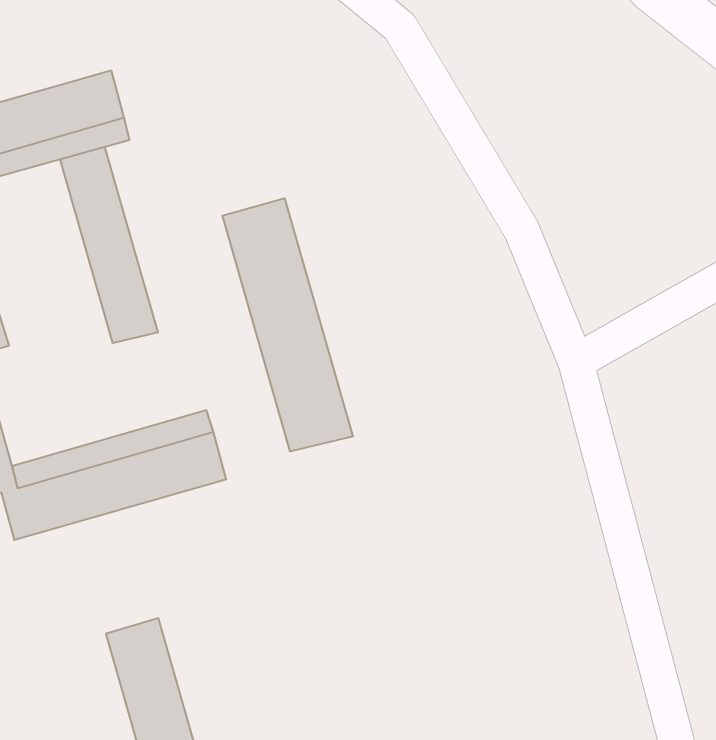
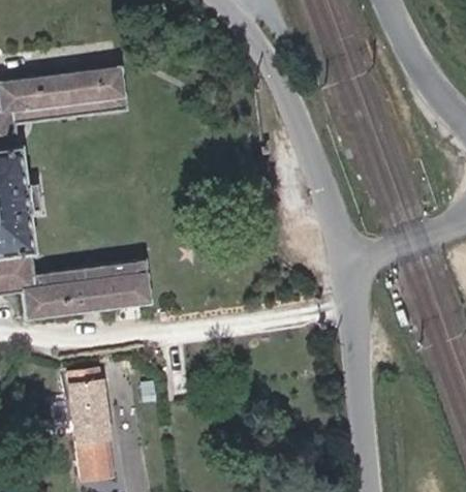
building: [60,147,158,343] -> none
building: [222,198,353,451] -> none

